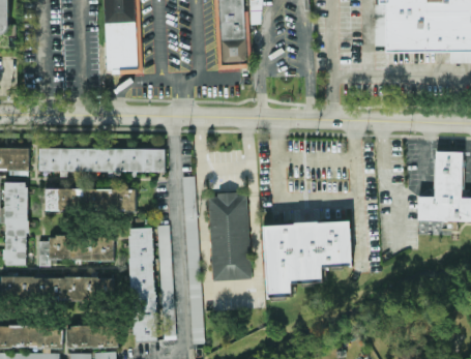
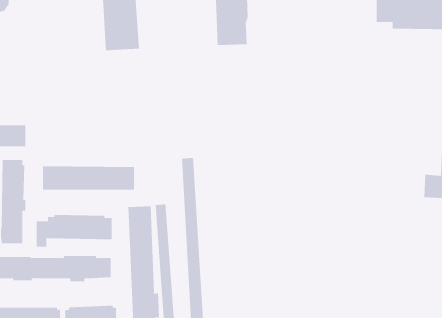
building: [39,148,165,170] -> none
building: [206,191,251,281] -> none
building: [259,222,348,300] -> none

